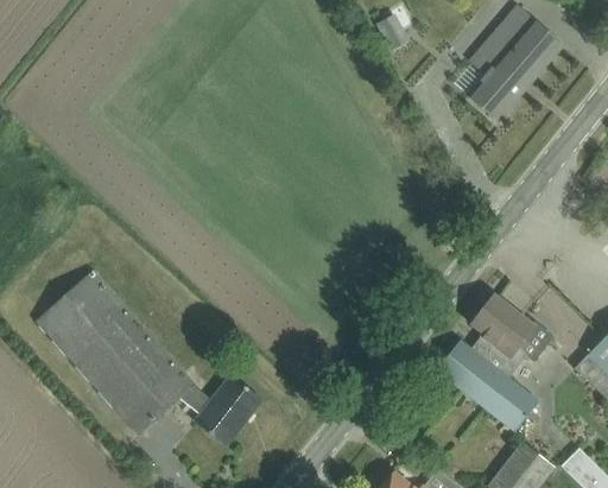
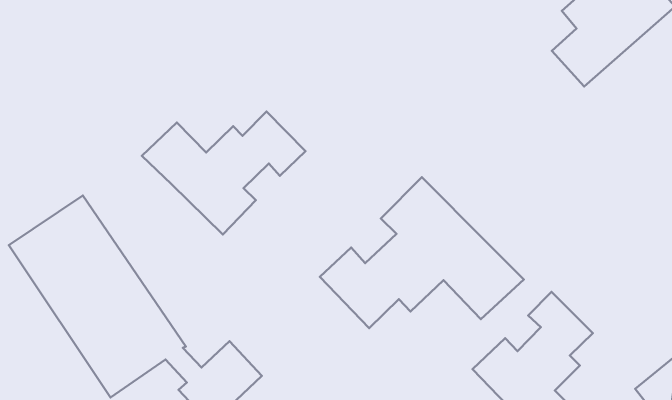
building: none -> [142,112,305,234]
building: none -> [320,177,524,328]

